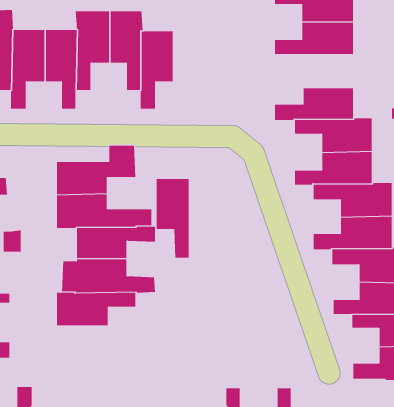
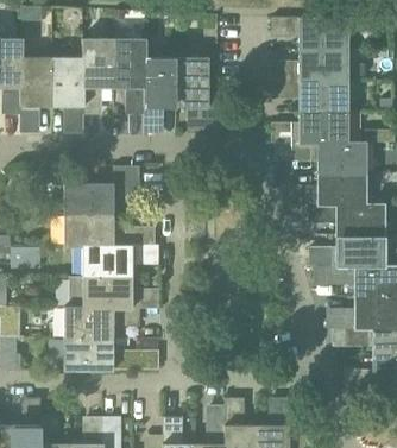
building: none -> [271,80,347,112]
building: [156,179,190,258] -> [175,57,207,133]
building: none -> [63,339,158,371]

